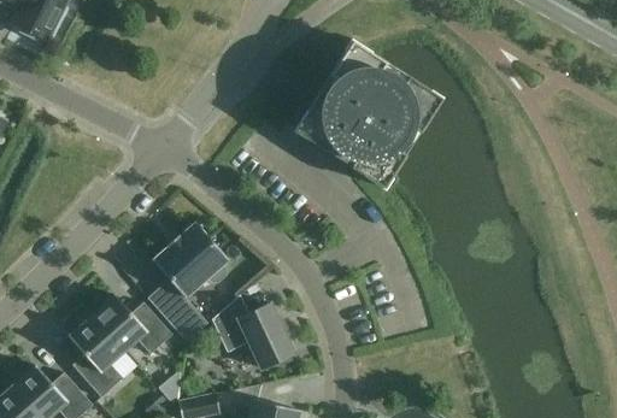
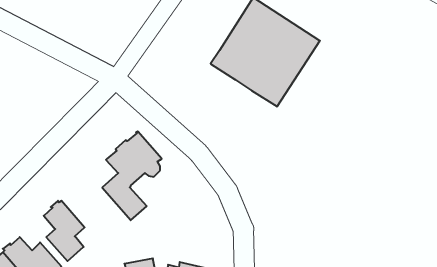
building: [212,294,294,369] -> none
building: [93,295,172,354] -> none

